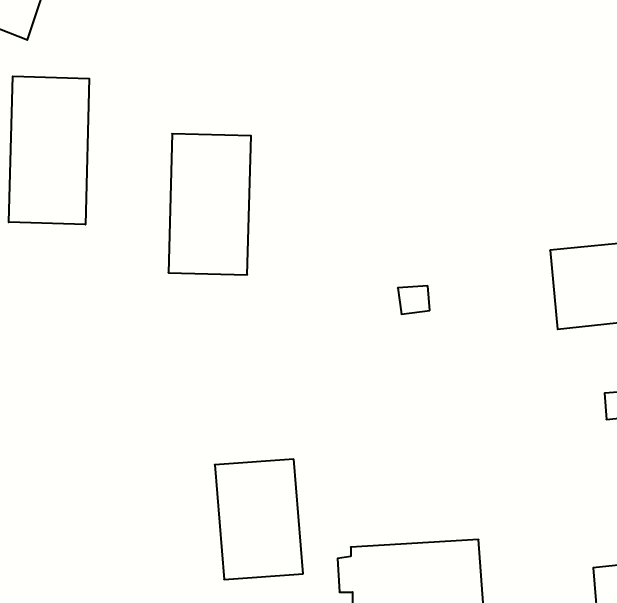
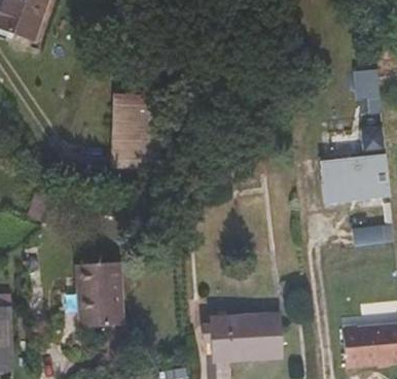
building: [9,76,89,225] -> none
building: [215,459,303,579] -> [74,263,122,329]

